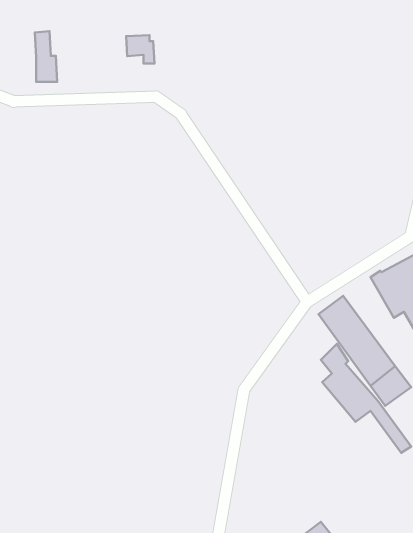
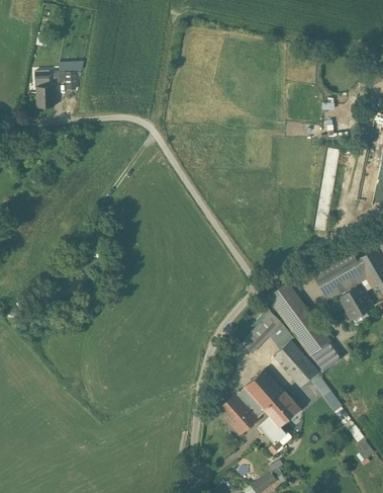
building: [126,35,155,64] -> [53,67,76,90]
building: none -> [242,314,282,353]
building: none -> [217,371,298,444]

